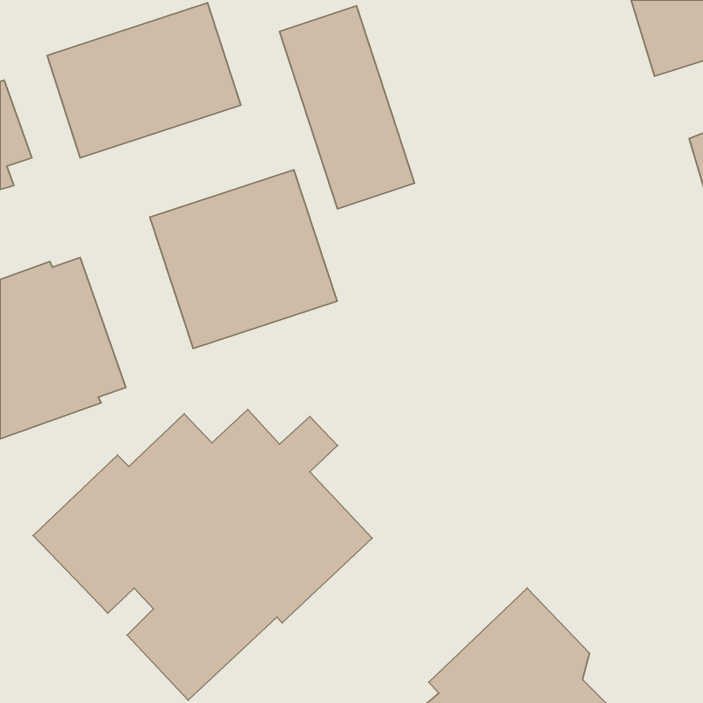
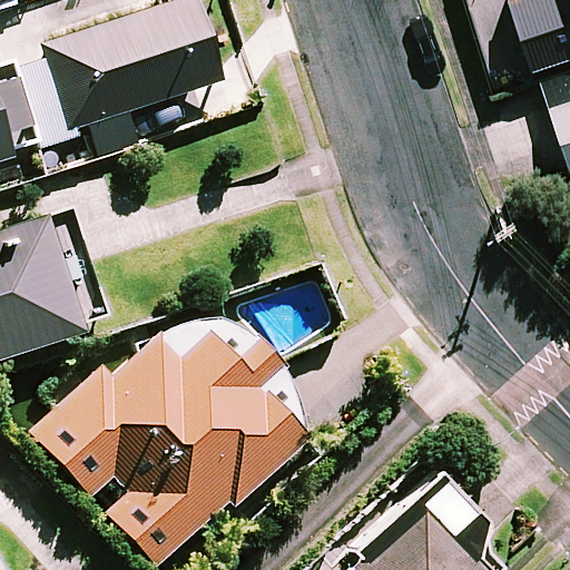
building: [279,6,415,209] -> none
building: [150,170,337,348] -> none

